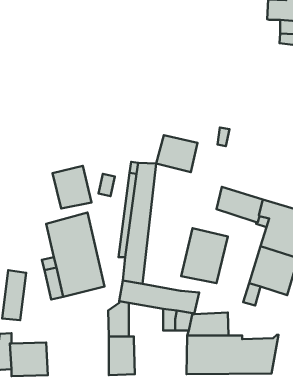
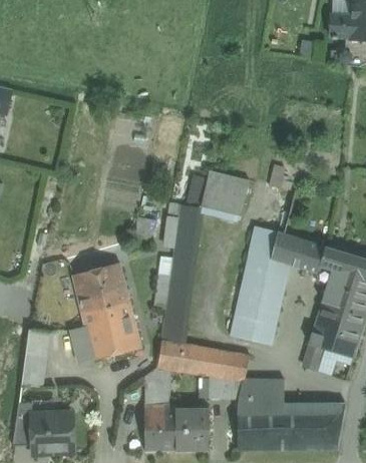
building: [52,166,91,209] -> none
building: none -> [243,225,289,290]
building: none -> [174,409,209,450]

